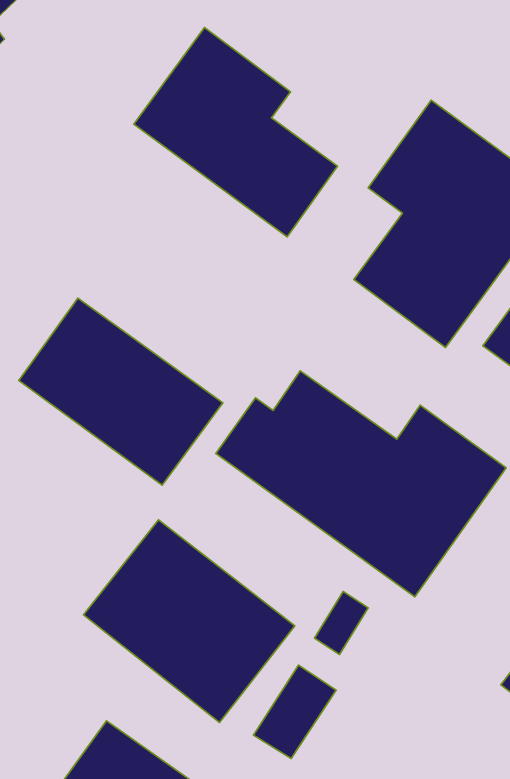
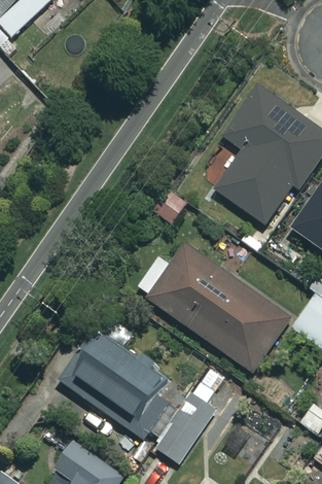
building: [134,27,338,237] -> none
building: [19,298,223,485] -> none

